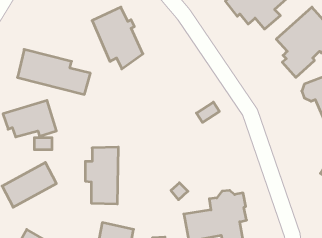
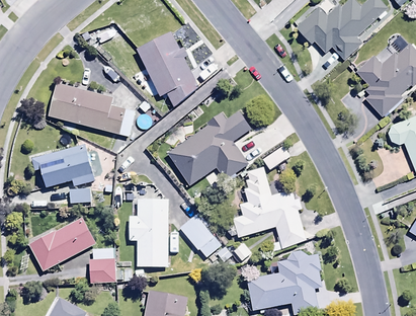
building: none -> [168,111,251,185]
building: none -> [234,168,307,249]
building: none -> [179,214,222,257]
building: none -> [90,248,115,284]

